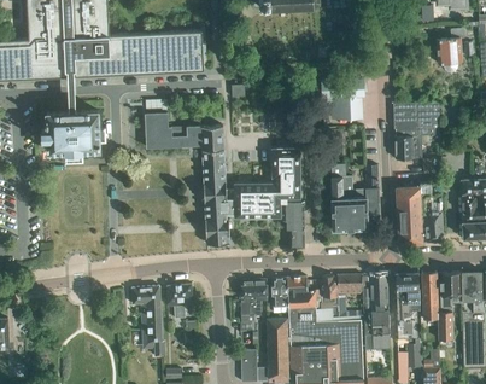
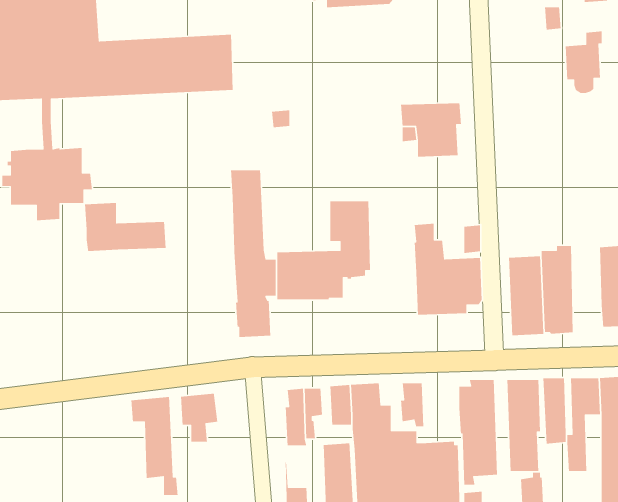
building: [393,103,439,158] -> none
building: [145,112,203,147] -> [84,202,167,252]
building: [283,200,304,248] -> none
building: [336,274,362,310] -> none

